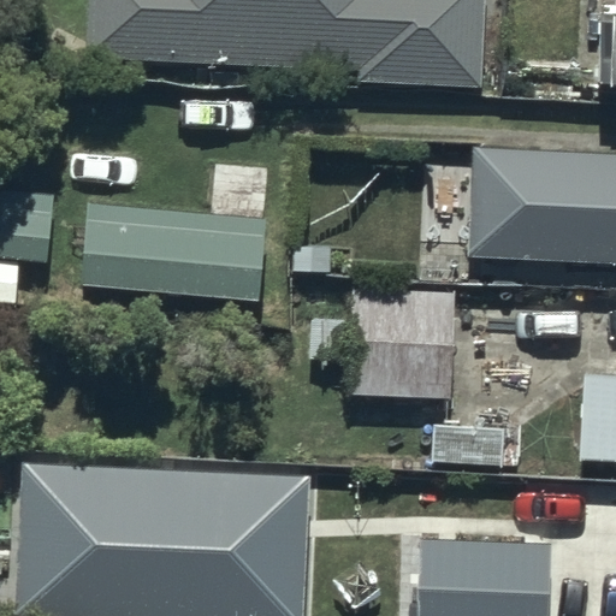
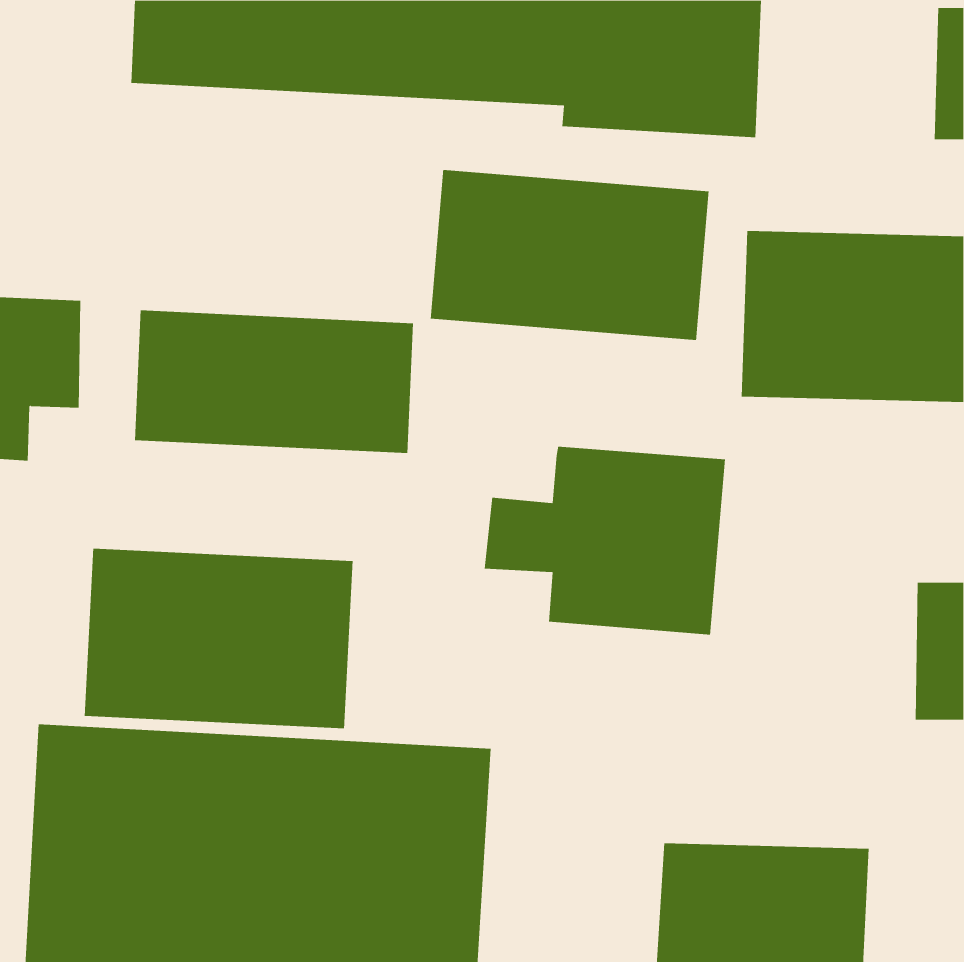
building: none -> [430,169,709,341]
building: none -> [84,548,353,729]

